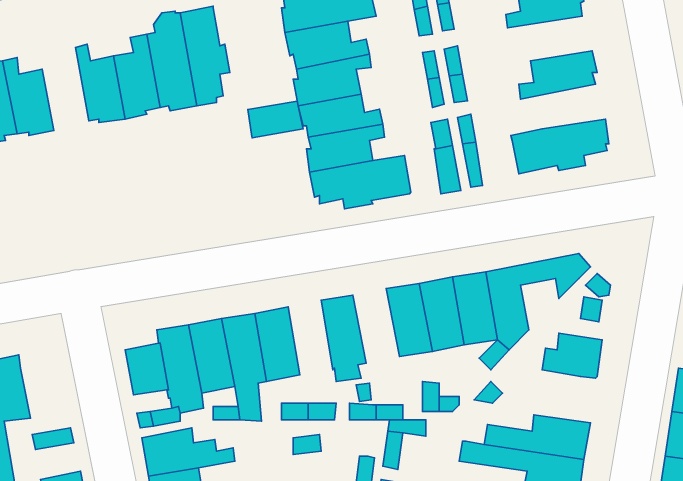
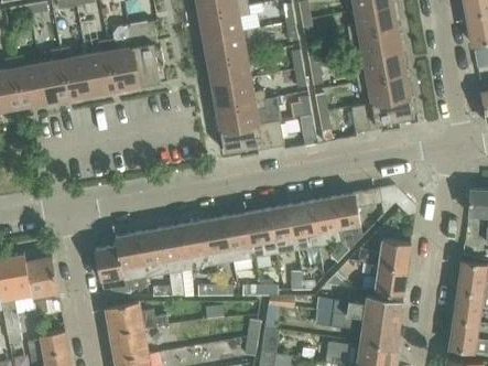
building: none -> [348,28,404,57]
building: none -> [40,49,71,104]
building: none -> [357,73,413,103]
building: [248,101,303,138] -> none
building: none -> [246,208,276,258]
building: none -> [203,216,232,266]
building: none -> [25,257,58,297]
building: none -> [369,262,406,293]

